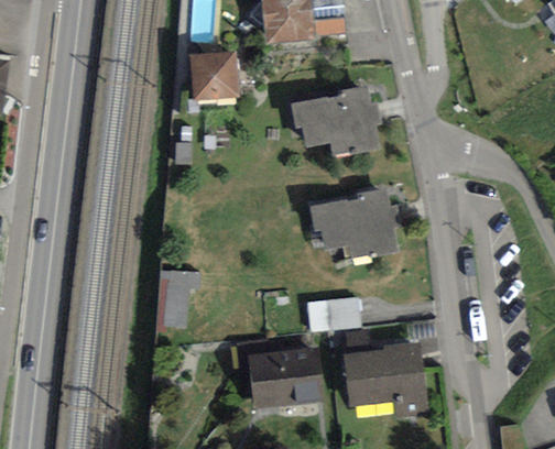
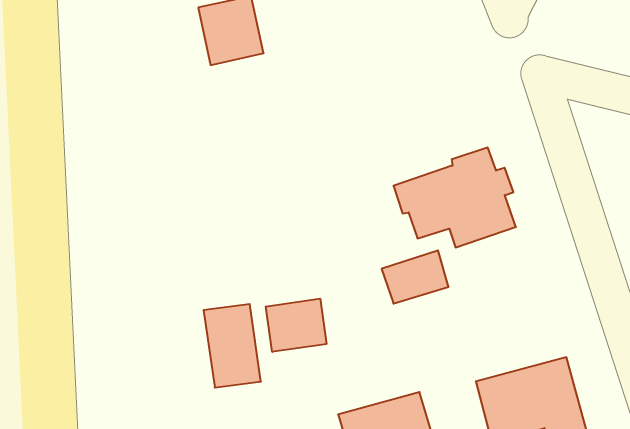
building: [293,85,380,153] -> none
building: none -> [266,299,326,352]
building: [306,300,352,333] -> [382,250,449,304]

